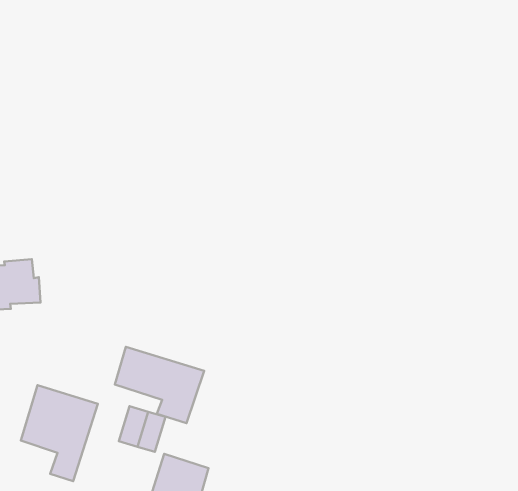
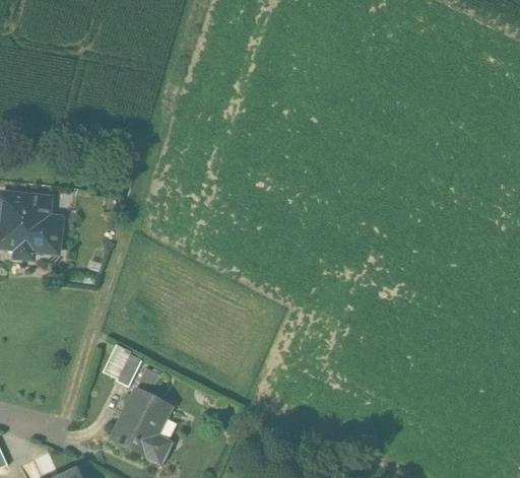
building: [115,347,204,423] -> none
building: [21,385,98,481] -> none

